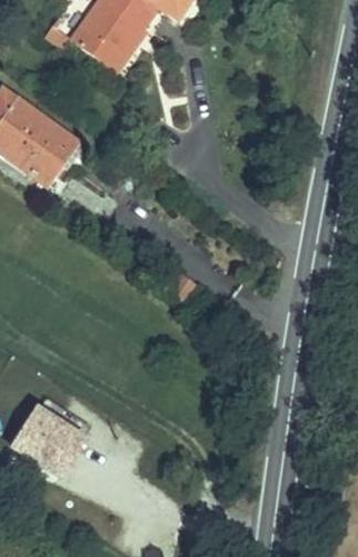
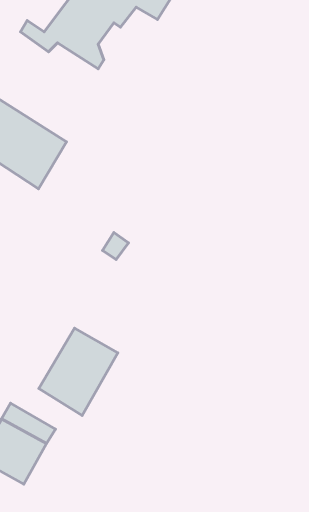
building: none -> [39,328,118,415]

